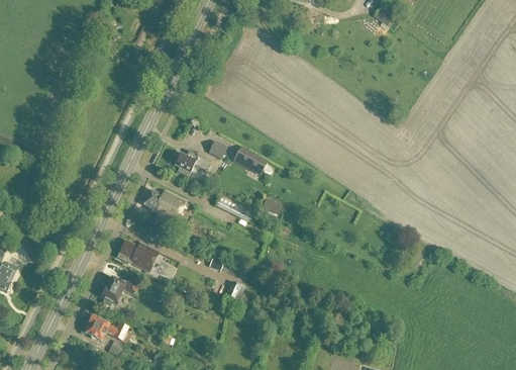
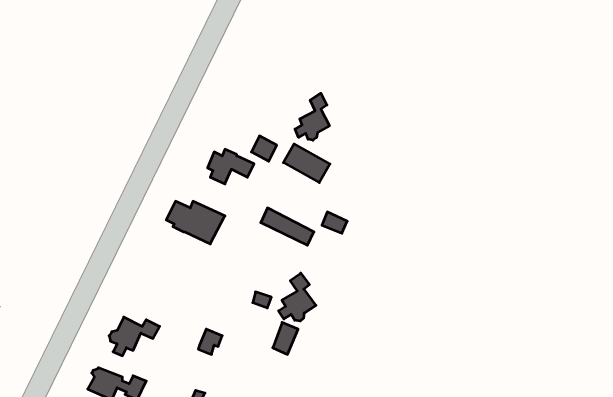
building: none -> [295,93,329,140]
building: [118,240,159,270] -> none
building: none -> [279,273,316,321]

